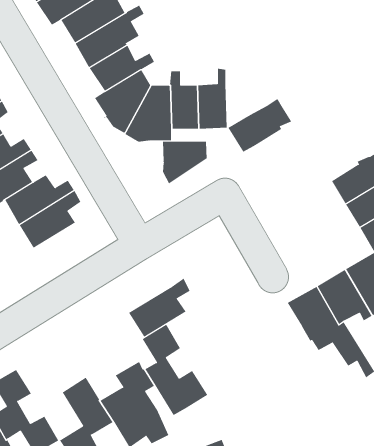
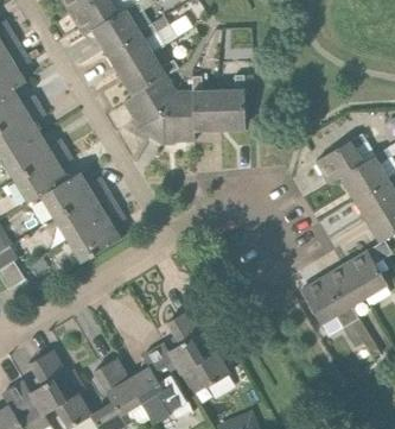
building: [227,98,292,153] -> [316,133,375,183]
building: [161,141,207,185] -> none
building: [128,278,190,337] -> [68,207,125,261]

